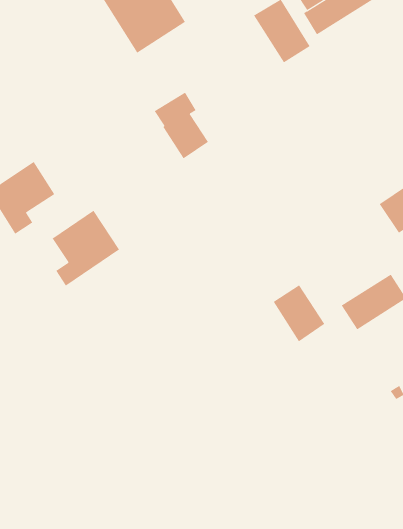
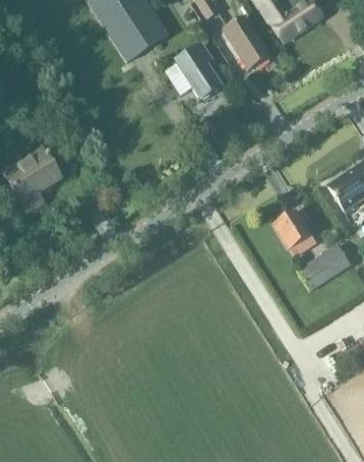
building: [154,92,209,159] -> [175,45,221,101]
building: [52,210,120,287] -> none
building: [273,285,325,342] -> [271,209,315,256]

